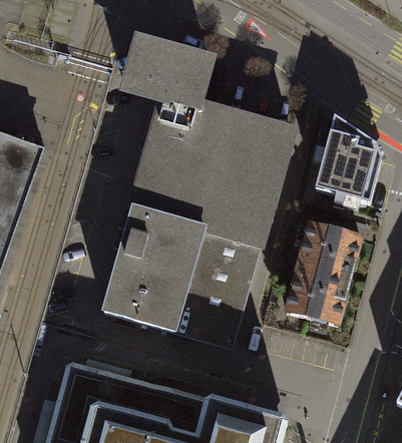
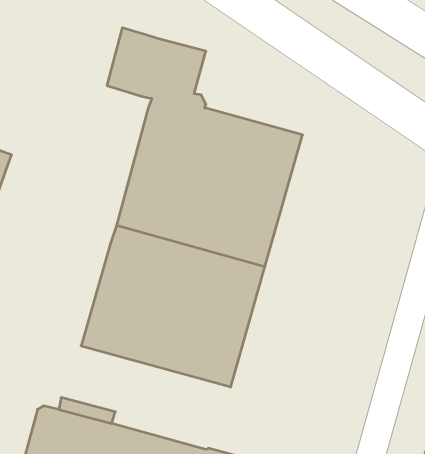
building: [315,117,380,206] -> none
building: [286,224,360,325] -> none

